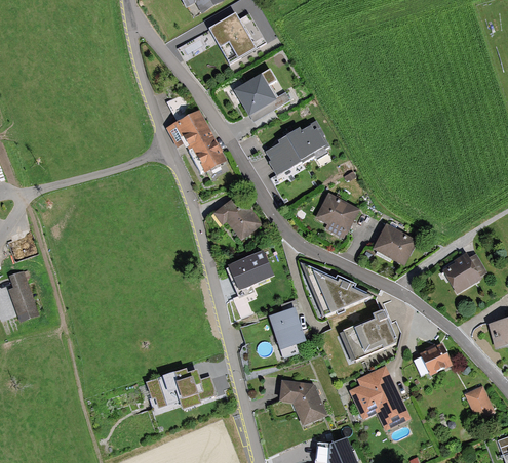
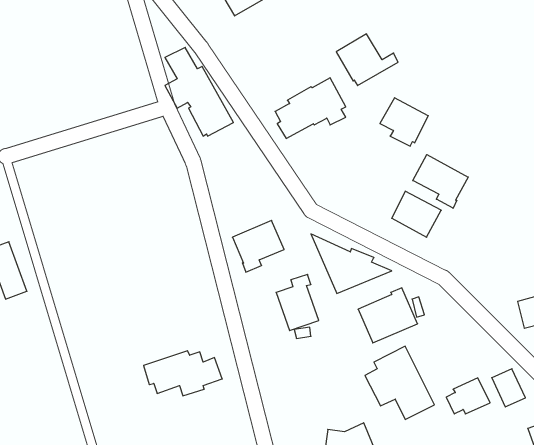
building: [233,74,289,121] -> [336,34,398,86]
building: none -> [413,155,468,208]
building: [212,193,263,241] -> none
building: [315,194,359,238] -> [380,98,428,146]
building: [442,252,487,293] -> none
building: [413,343,453,376] -> [446,378,490,414]
building: [278,380,327,426] -> none

